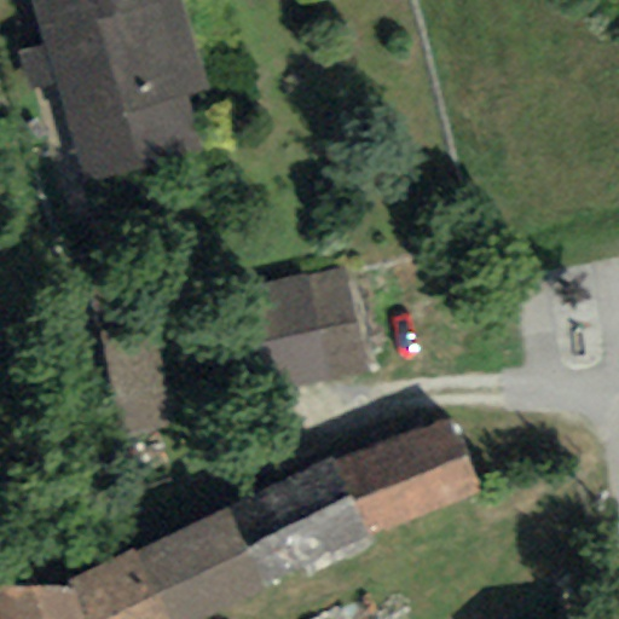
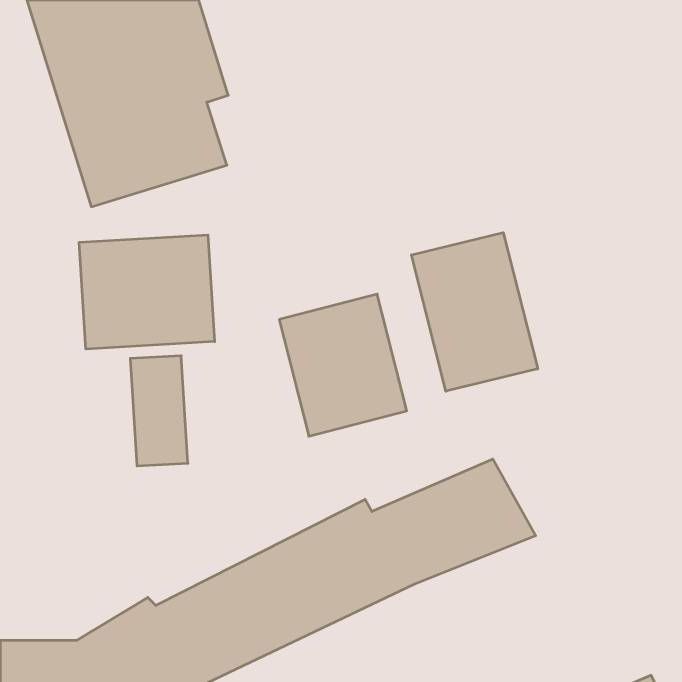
building: none -> [411,233,538,391]
building: none -> [79,235,215,349]

